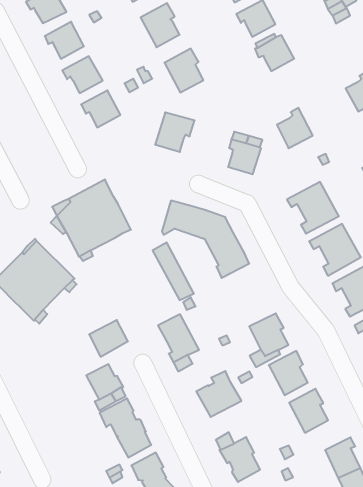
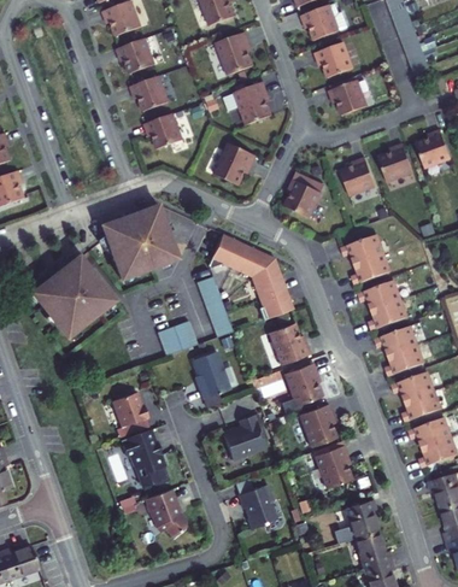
building: none -> [377,143,413,182]
building: none -> [269,323,310,365]
building: [89,320,128,357] -> [158,321,196,356]

